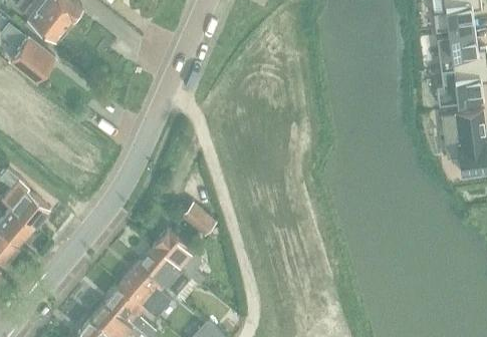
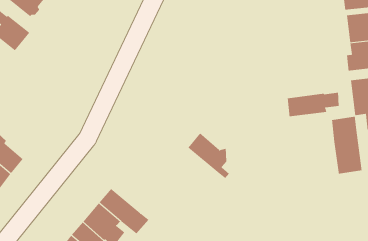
building: none -> [287,92,339,117]
building: none -> [332,116,362,174]
building: [179,203,215,238] -> none
building: [151,229,202,285] -> [187,132,230,179]

